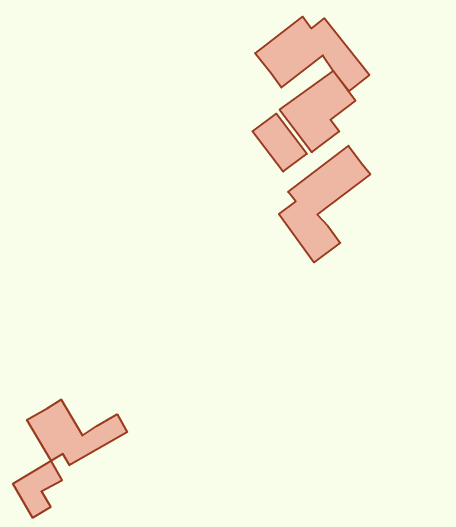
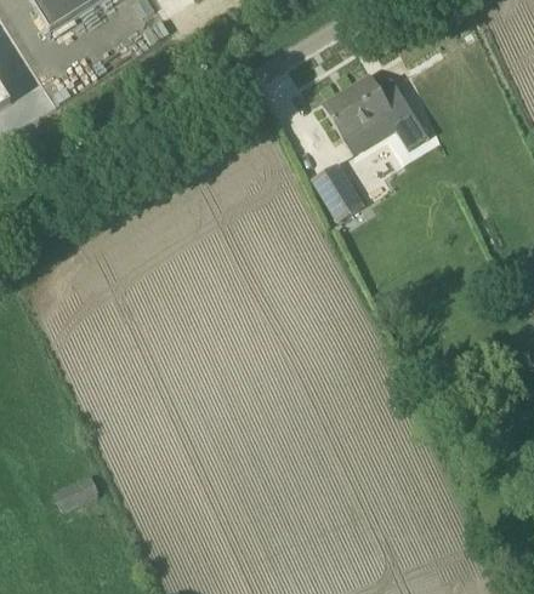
building: [279,146,370,262] -> none
building: [27,399,127,465] -> none

